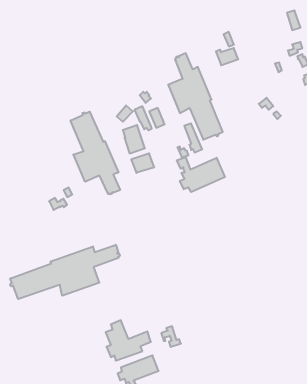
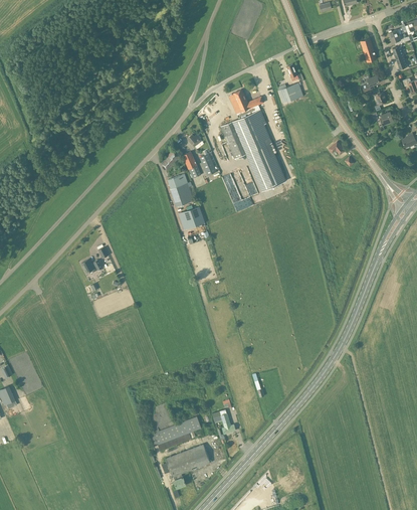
building: [71,112,120,194] -> none
building: [177,157,225,192] -> none
building: [10,245,120,299] -> none

